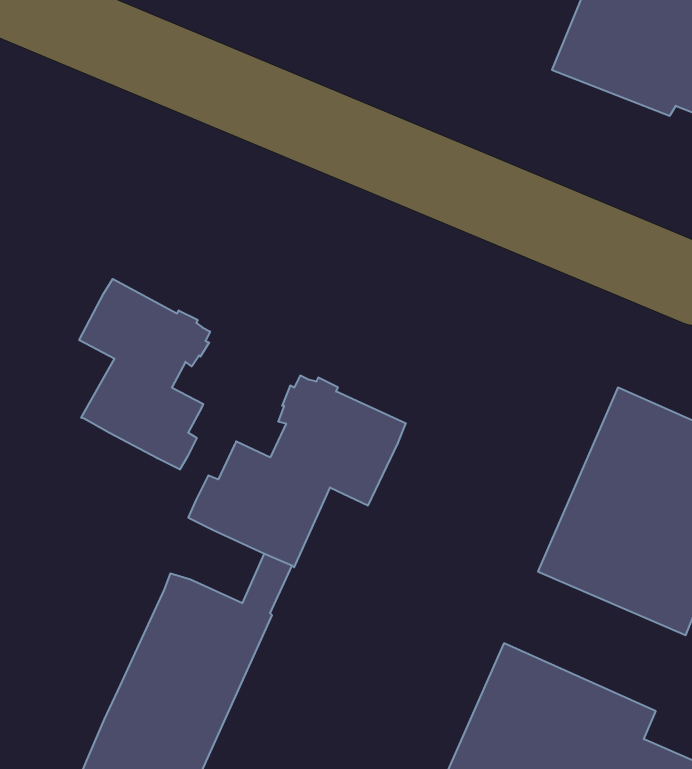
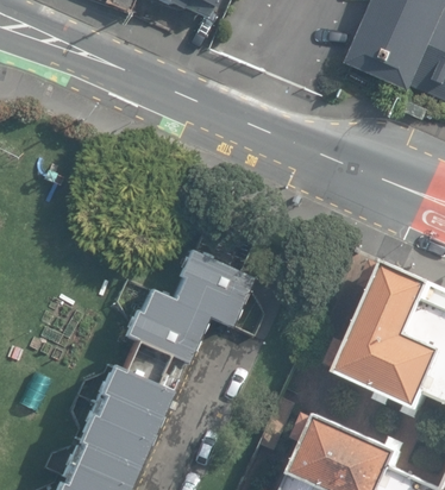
building: [79,279,210,470] -> none

